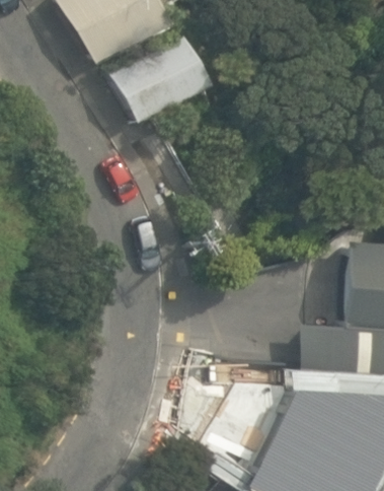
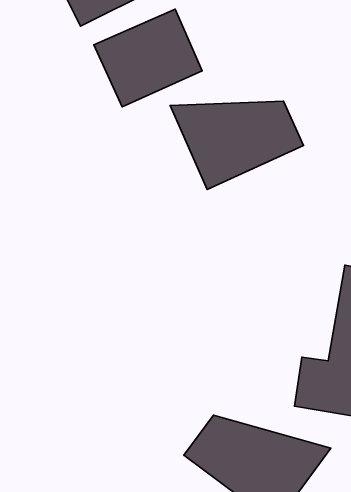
building: none -> [170,101,303,189]

